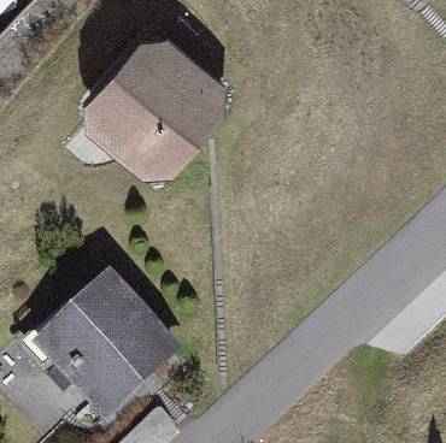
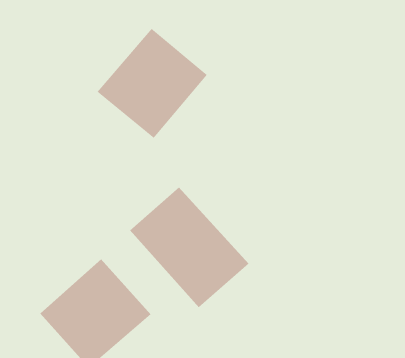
building: none -> [129,186,250,308]

